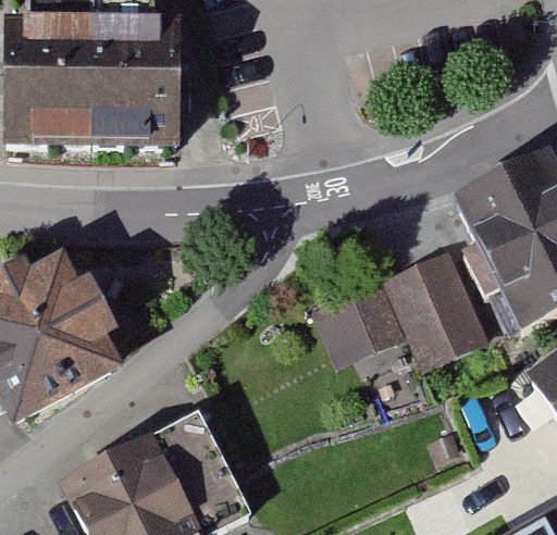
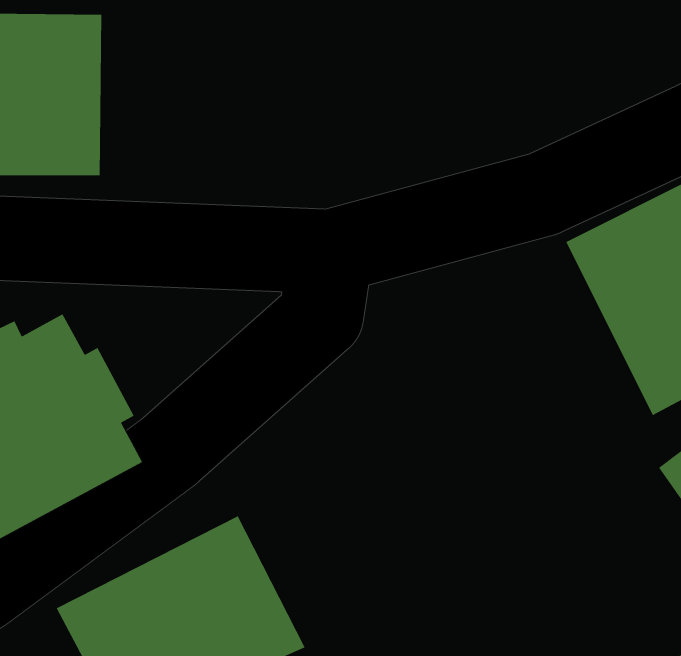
building: [92,20,182,146] -> none
building: [311,245,490,366] -> none

